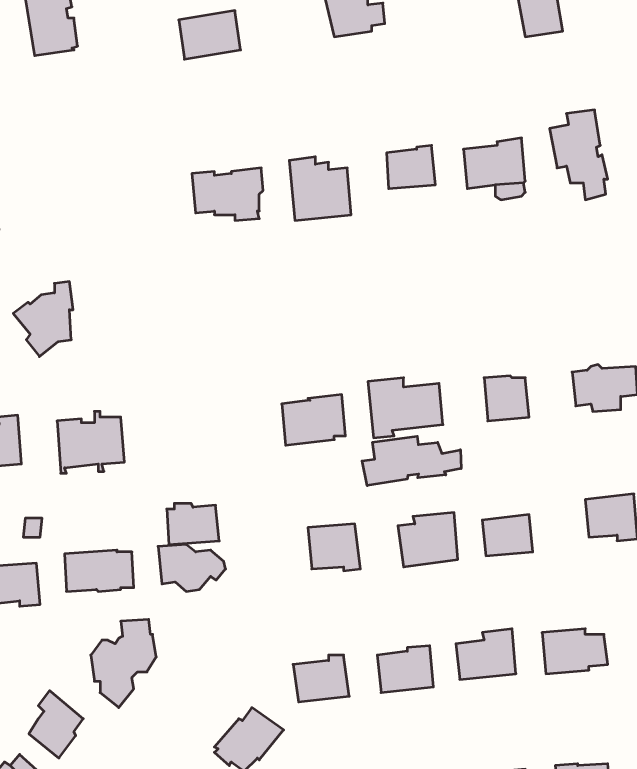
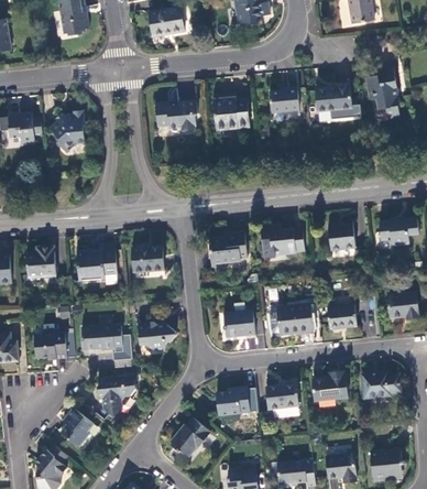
building: [13,282,73,357] -> [51,111,86,155]
building: [362,436,461,486] -> none
building: [167,503,219,545] -> [132,246,163,270]

